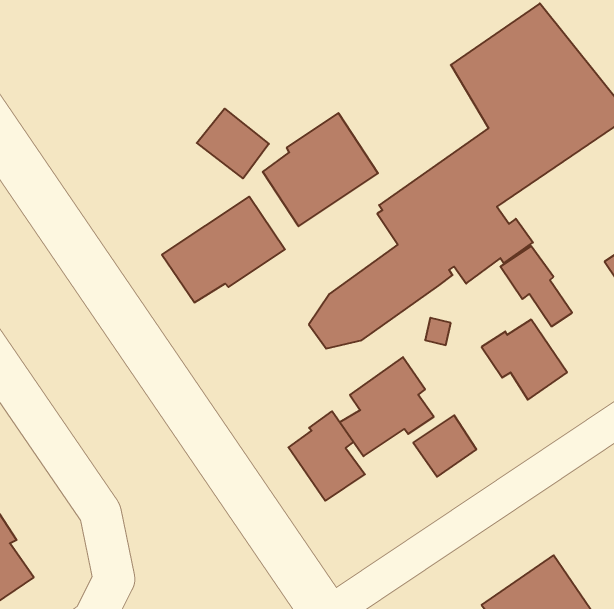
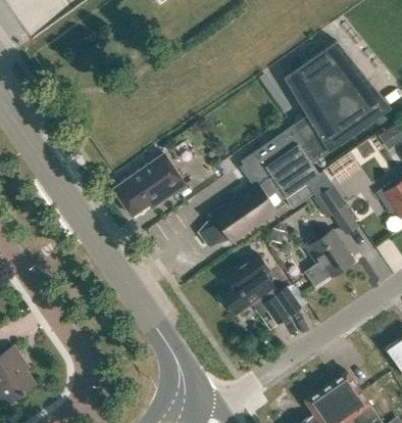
building: [197,109,269,178] -> none
building: [263,113,378,226] -> none
building: [288,411,365,501] -> none

